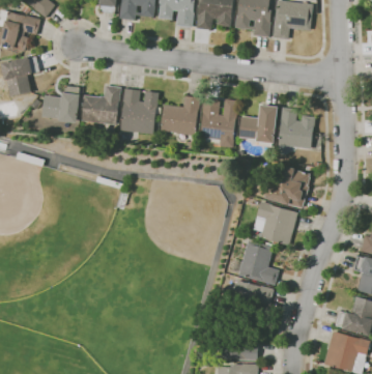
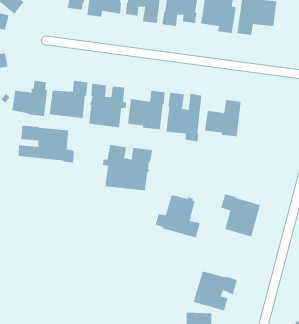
building: [278,107,315,149] -> none
building: none -> [18,125,74,163]
building: none -> [103,144,153,191]
building: [265,165,310,208] -> none
building: [232,240,279,285] -> [155,195,201,238]

